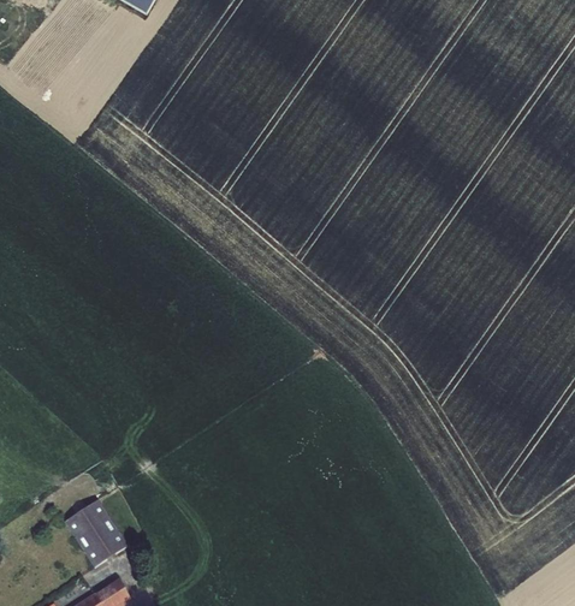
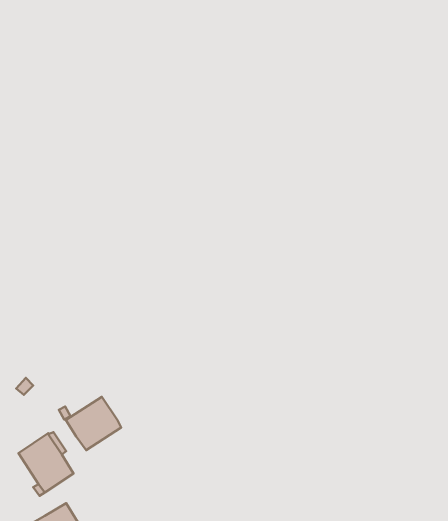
building: none -> [65,397,121,450]

